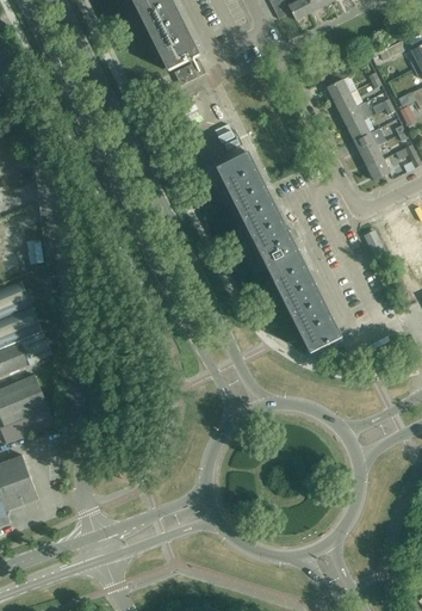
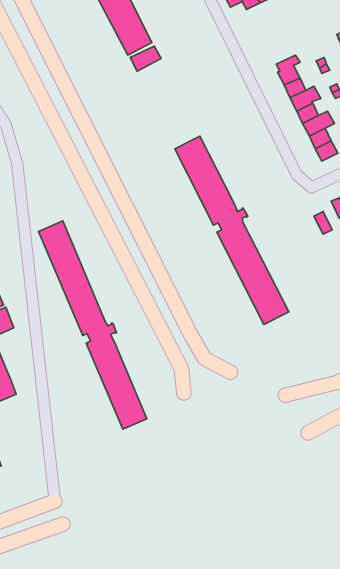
building: none -> [39,221,147,429]

